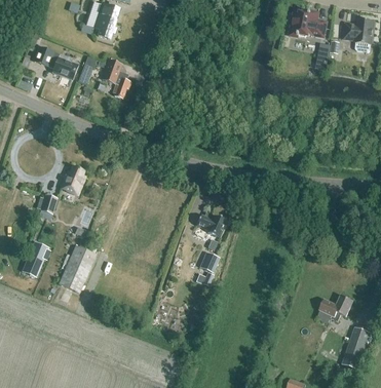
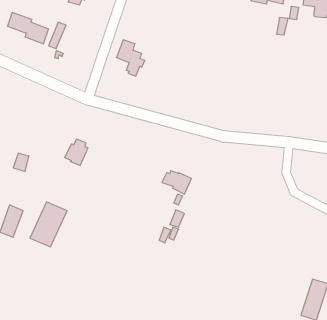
building: [102,59,131,96] -> [116,40,145,76]
building: [61,165,85,193] -> [65,139,88,165]
building: [319,294,353,319] -> none

